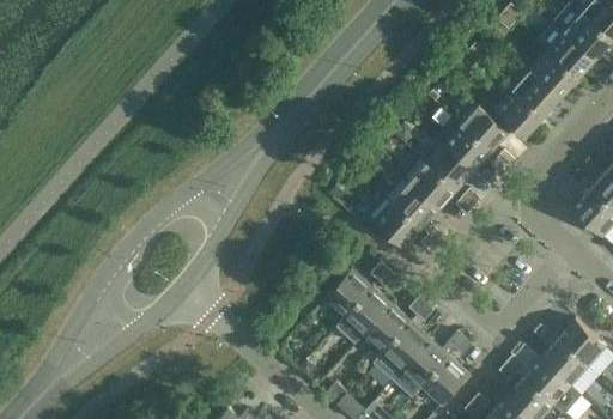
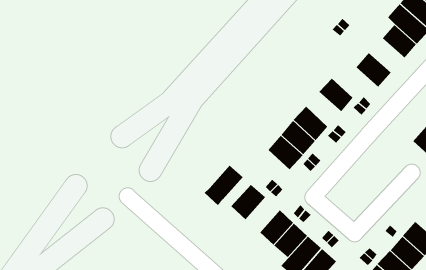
building: [511,72,560,119] -> none
building: [461,105,510,153] -> none
building: [426,145,474,193] -> none
building: [336,289,390,345] -> [204,165,244,206]

